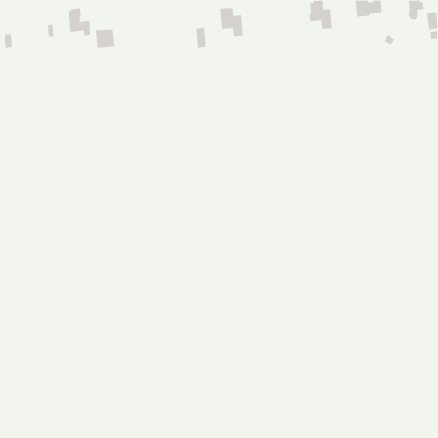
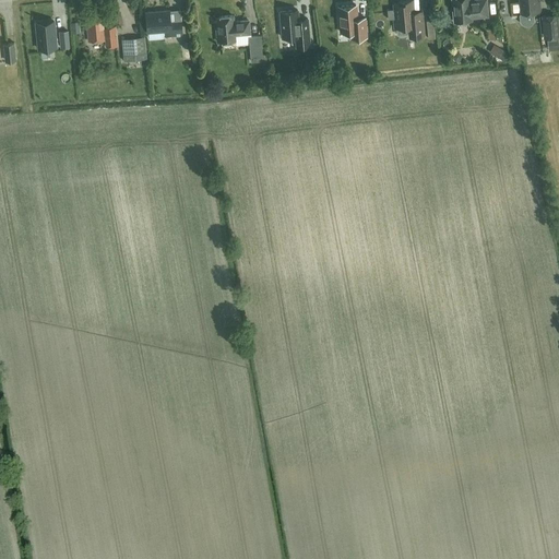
building: none -> [338,5,367,39]
building: none -> [145,11,182,38]
building: none -> [216,16,250,46]
building: none -> [36,22,57,50]

